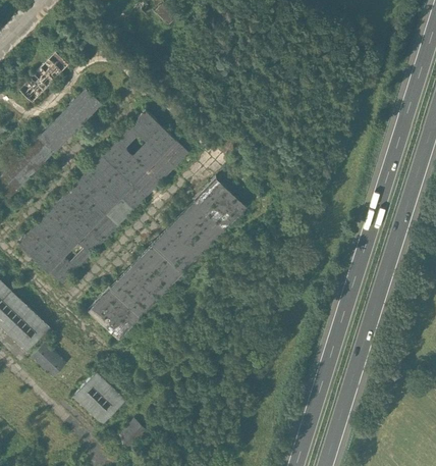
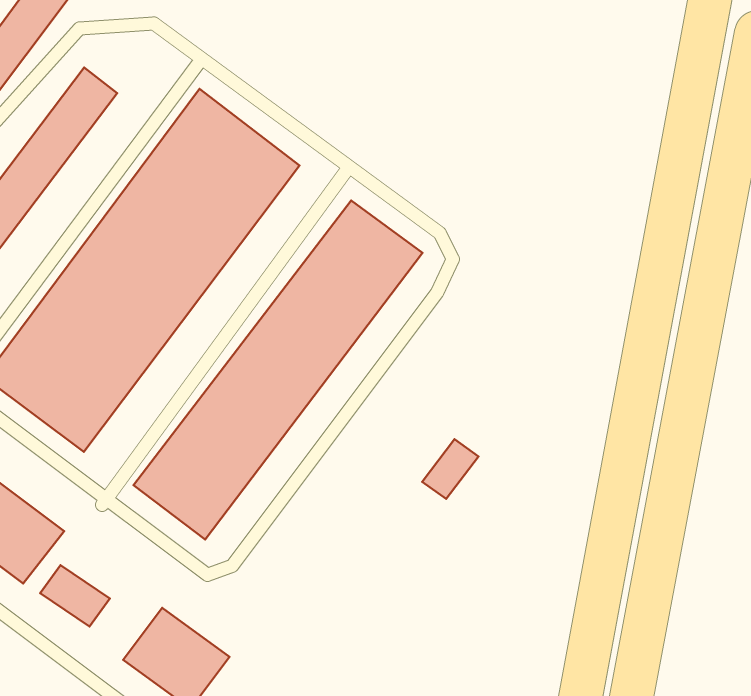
building: none -> [422,439,479,499]

